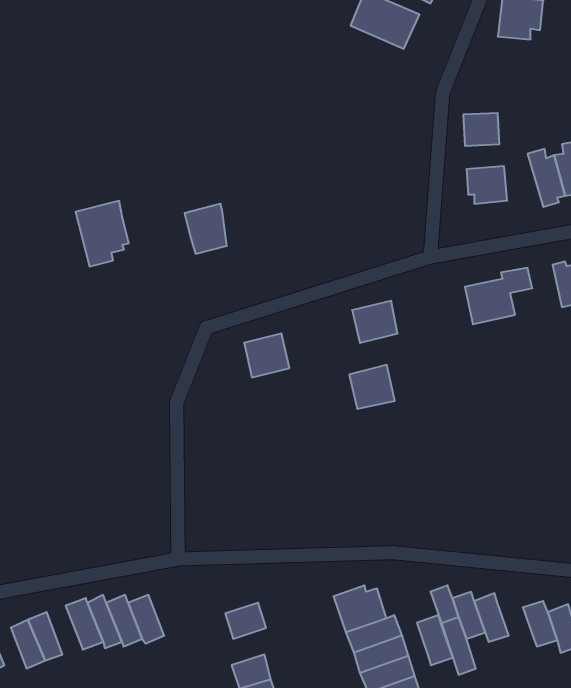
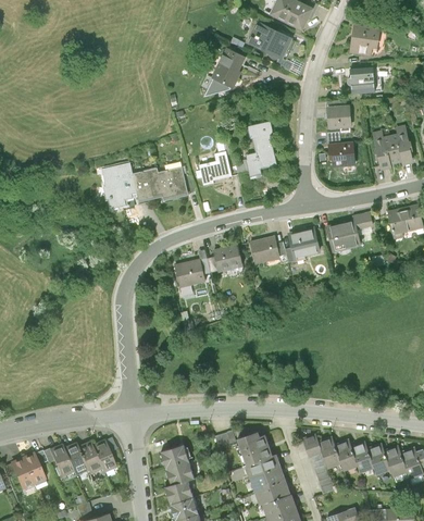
building: none -> [211,47,246,87]
building: none -> [349,65,374,95]
building: none -> [244,121,277,177]
building: none -> [198,141,230,187]
building: [75,201,129,267] -> [99,162,136,208]
building: none -> [158,166,188,201]
building: none -> [287,226,320,261]
building: [349,365,395,409] -> [211,243,242,273]
building: [417,615,453,665] -> [349,441,374,475]
building: none -> [165,462,194,486]

